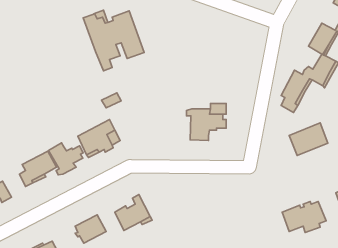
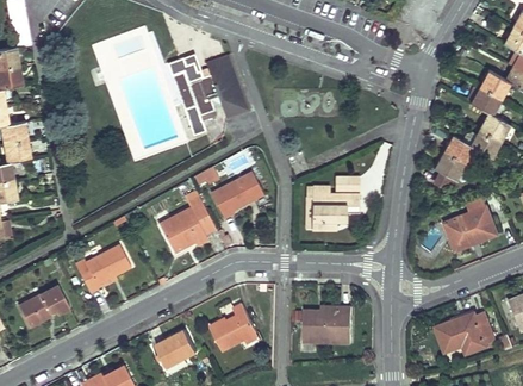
building: none -> [211,172,263,218]
building: [49,143,83,175] -> none
building: none -> [303,306,351,343]

